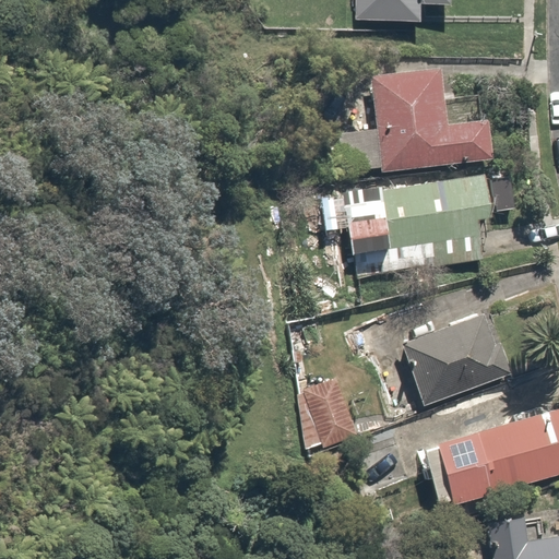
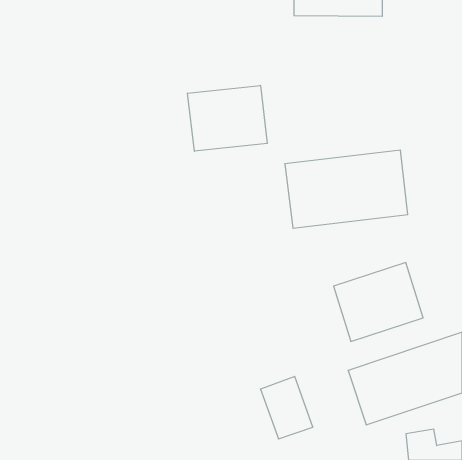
building: [326,68,496,176] -> none
building: none -> [188,85,267,151]
building: [298,373,361,449] -> [260,376,313,439]

